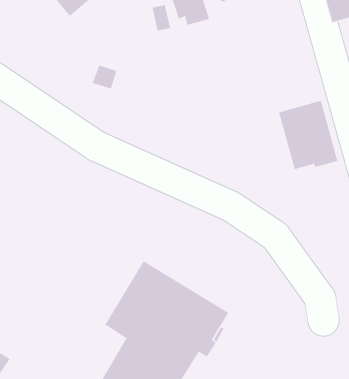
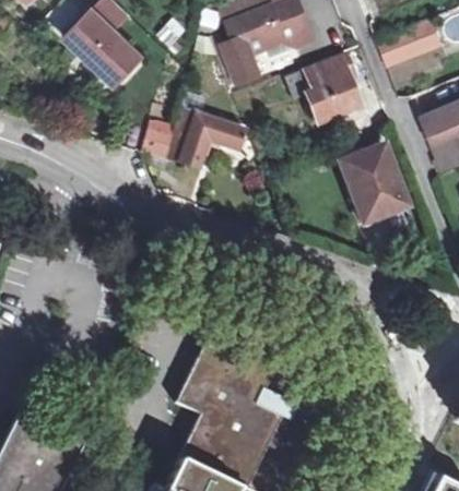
building: none -> [286,56,361,123]
building: none -> [170,110,245,167]

